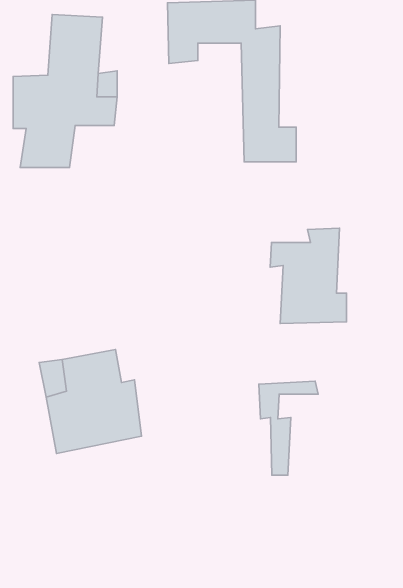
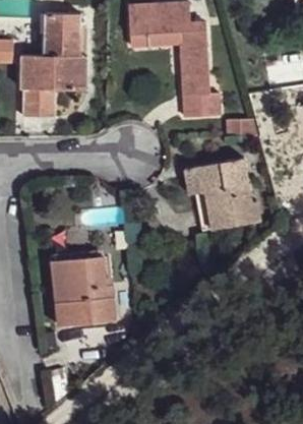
building: [259,381,318,475] -> [188,164,230,230]

